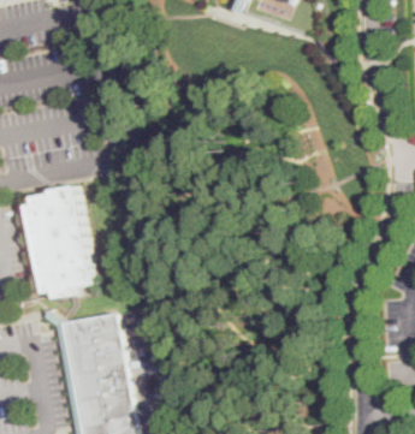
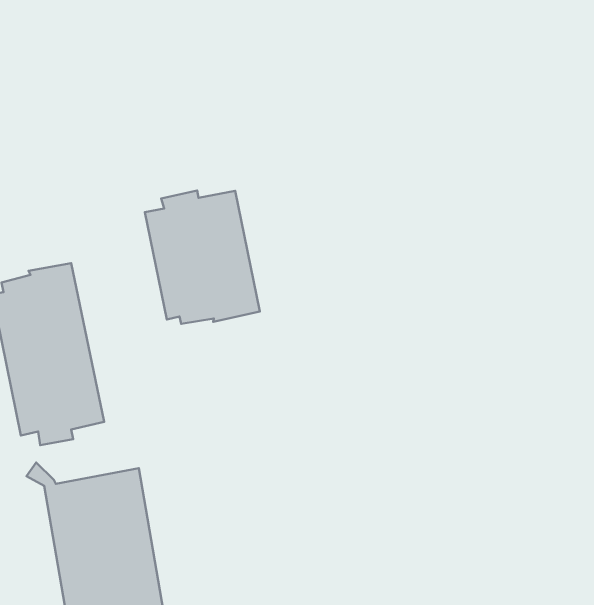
building: none -> [145,190,260,324]

